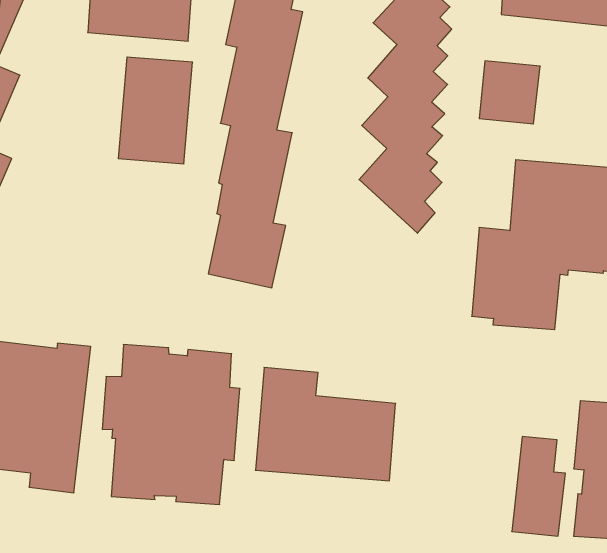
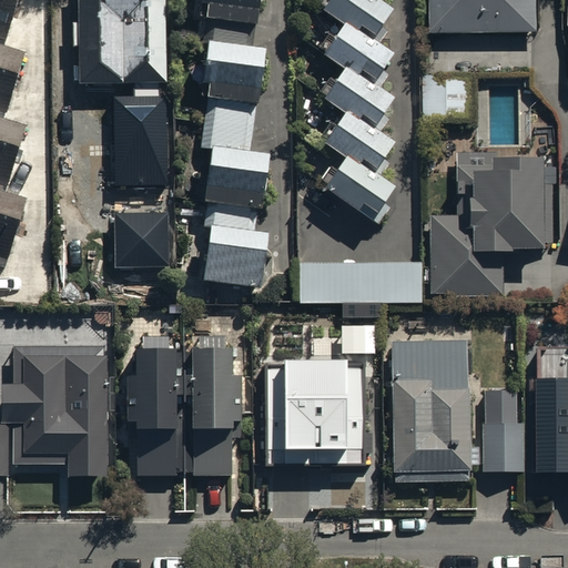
building: none -> [116,215,172,268]
building: none -> [300,262,423,302]
building: none -> [392,341,478,481]

